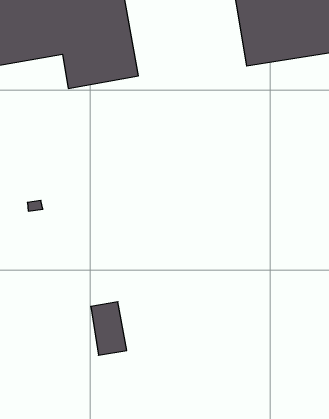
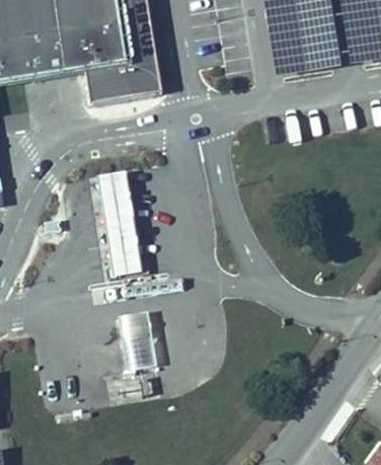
building: none -> [93,177,141,283]

